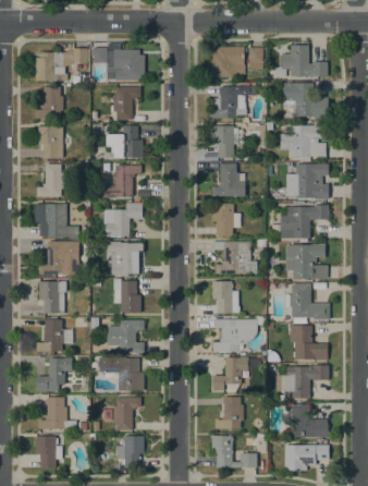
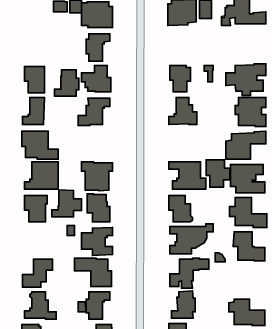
building: [35,51,66,81] -> none
building: [281,82,329,118] -> none
building: [34,86,63,118] -> [54,70,79,96]
building: [210,86,255,118] -> none
building: [106,203,142,238] -> none
building: [211,203,240,235] -> [206,160,230,187]
building: [36,318,72,351] -> [52,190,82,217]
building: [274,365,329,398] -> none

